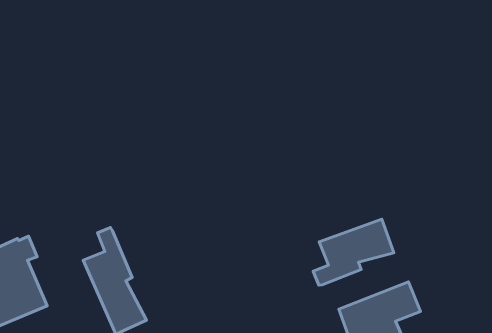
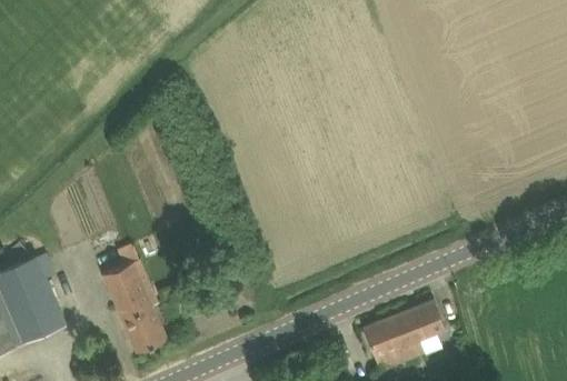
building: [313,219,394,285] -> none

